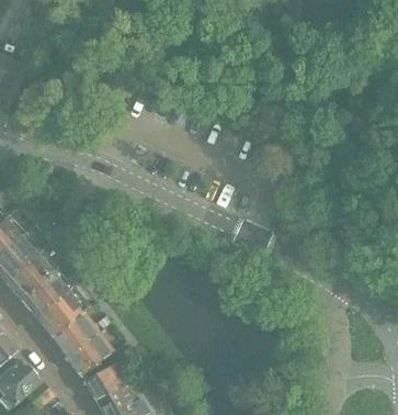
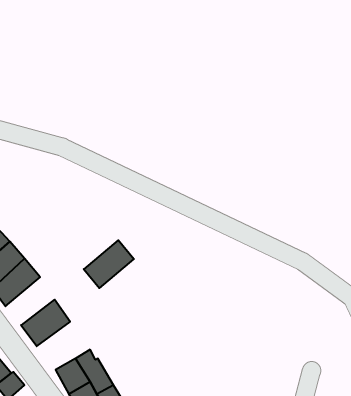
building: [34,287,83,334] -> [84,240,134,288]
building: [65,330,113,374] -> none

